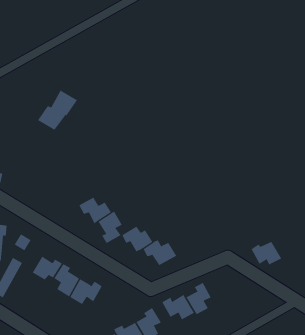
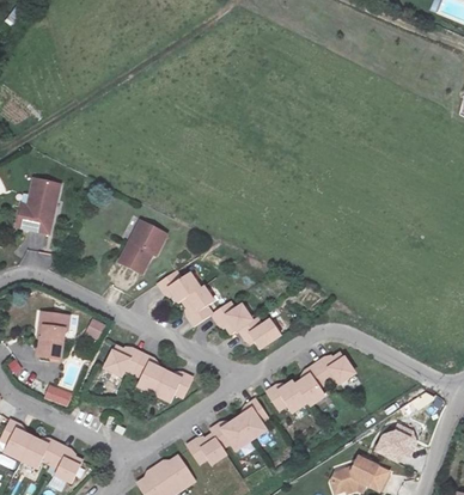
building: [37,90,78,130] -> [106,225,154,275]
building: [251,241,282,265] -> [315,349,354,379]

